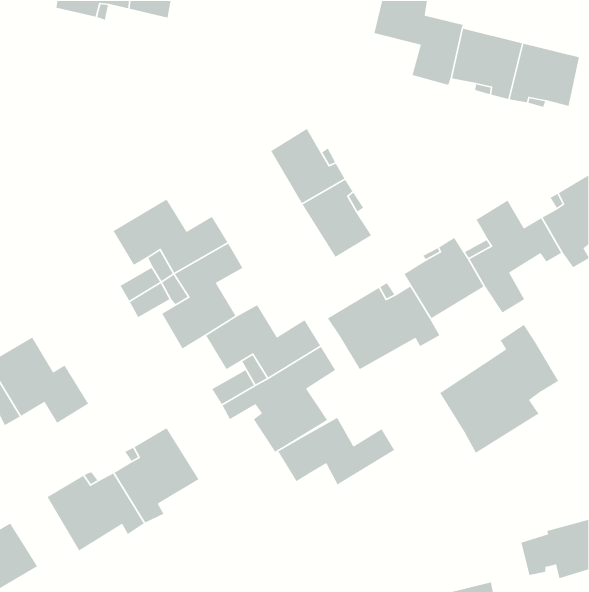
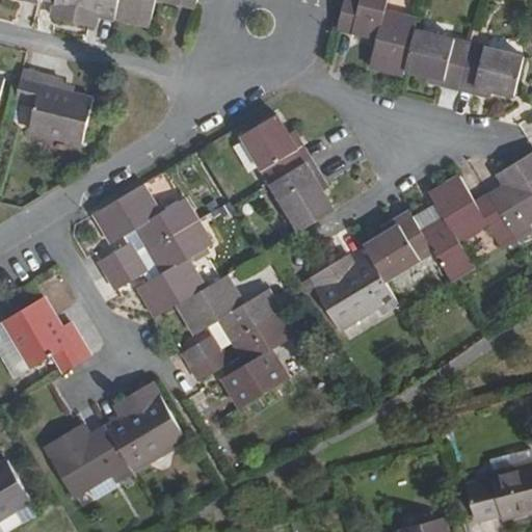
building: none -> [14,71,92,141]
building: [439,324,559,454] -> none
building: [277,417,395,486] -> none

